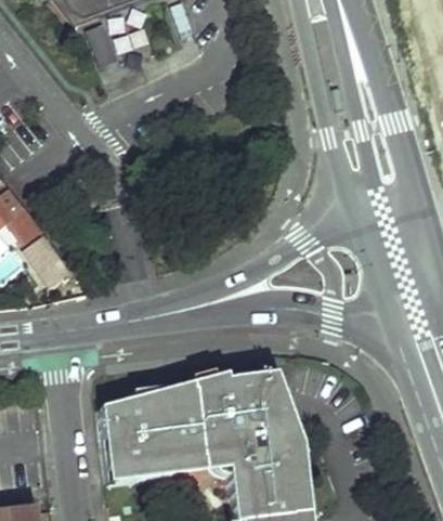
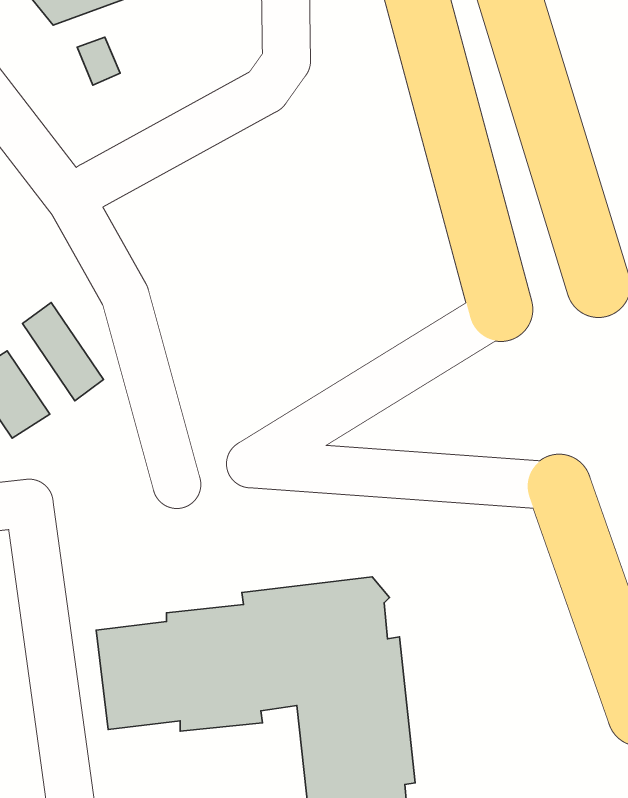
building: none -> [23,302,103,401]

